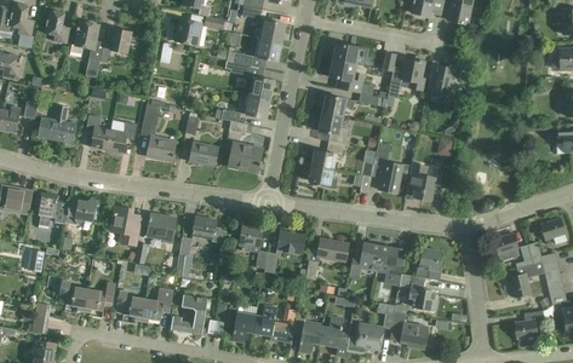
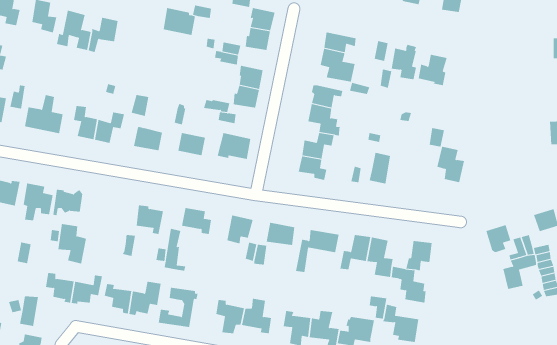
building: [406,163,434,200] -> [437,146,465,183]
building: [109,204,138,244] -> [57,224,87,264]
building: [515,310,545,338] -> none

